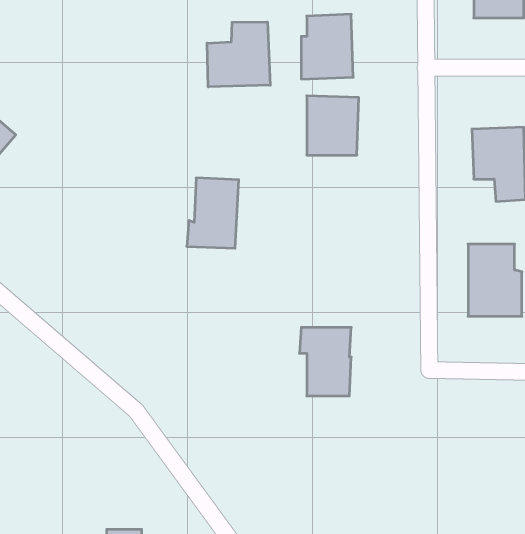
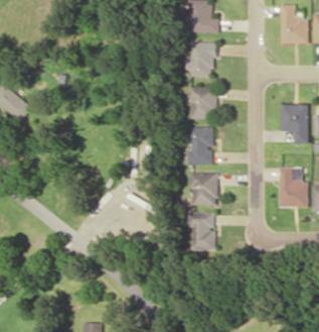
building: [207,22,270,87] -> none
building: [187,178,239,248] -> [186,127,214,165]
building: none -> [190,173,217,206]

